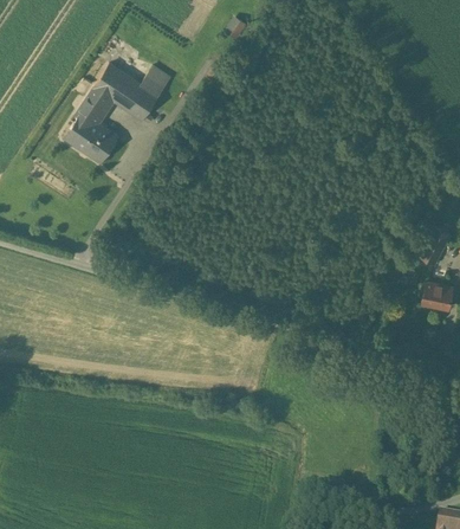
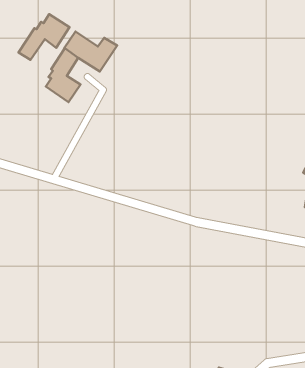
building: none -> [19,14,69,60]

